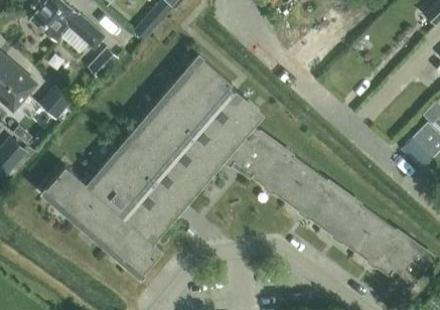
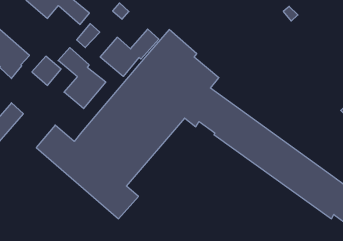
building: none -> [100,29,159,76]
building: none -> [58,48,106,109]

